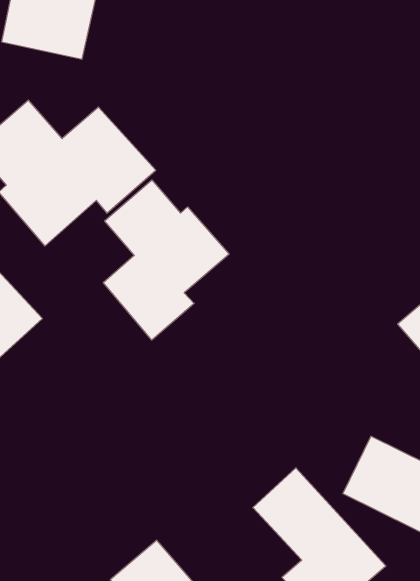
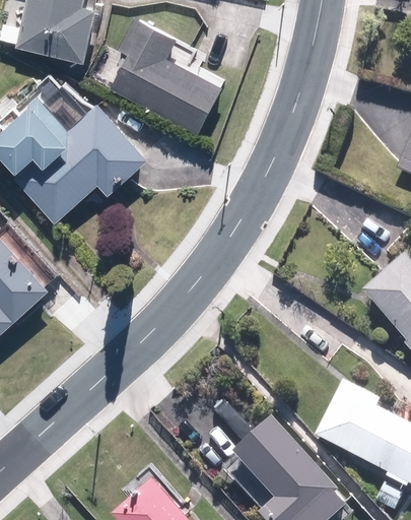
building: none -> [110,15,222,134]
building: [103,180,229,340] -> none

